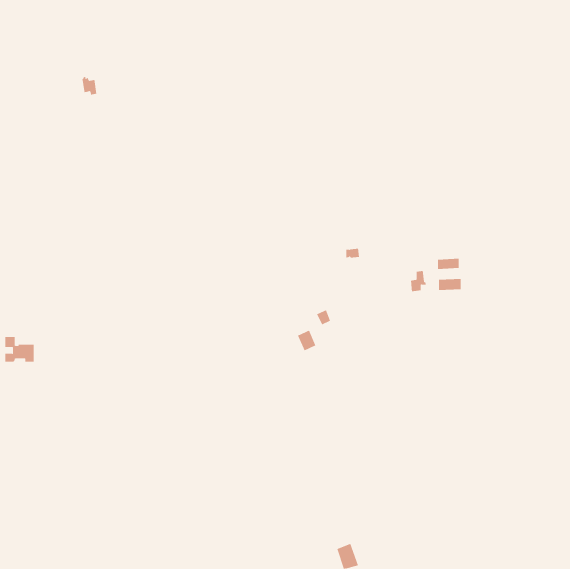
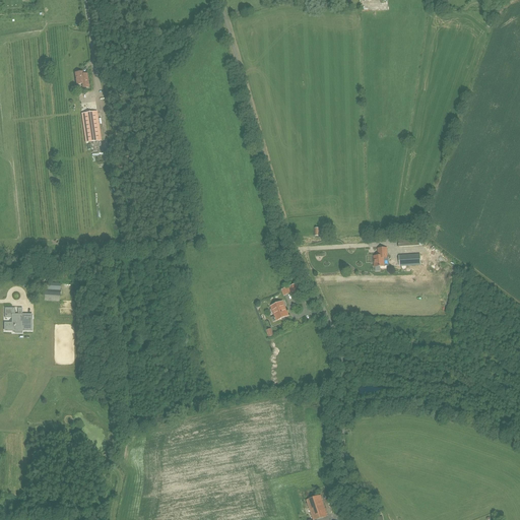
building: none -> [80,110,101,141]

